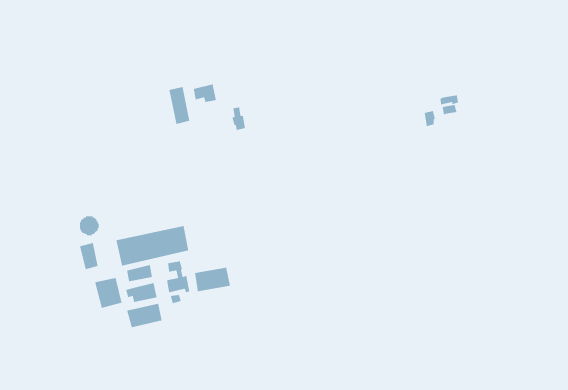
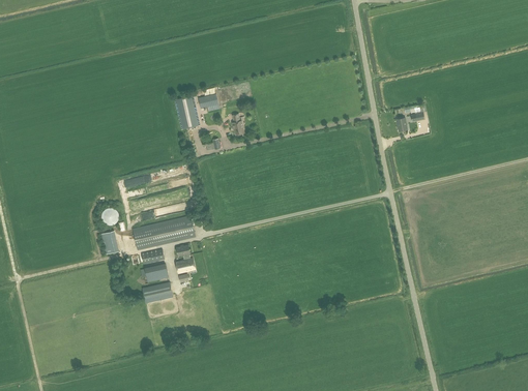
building: [194,267,231,292] -> none
building: [94,277,122,309] -> none

